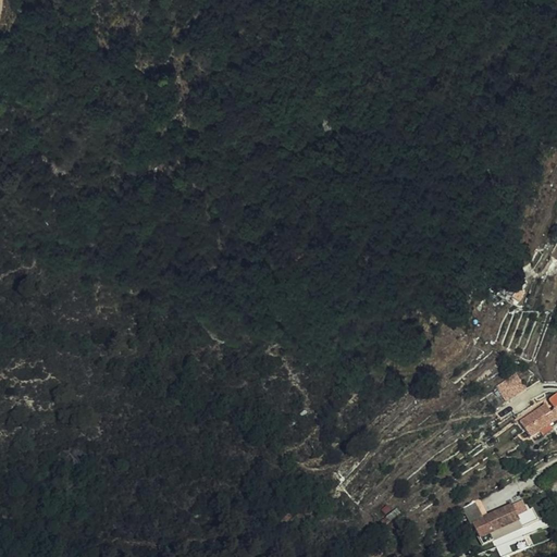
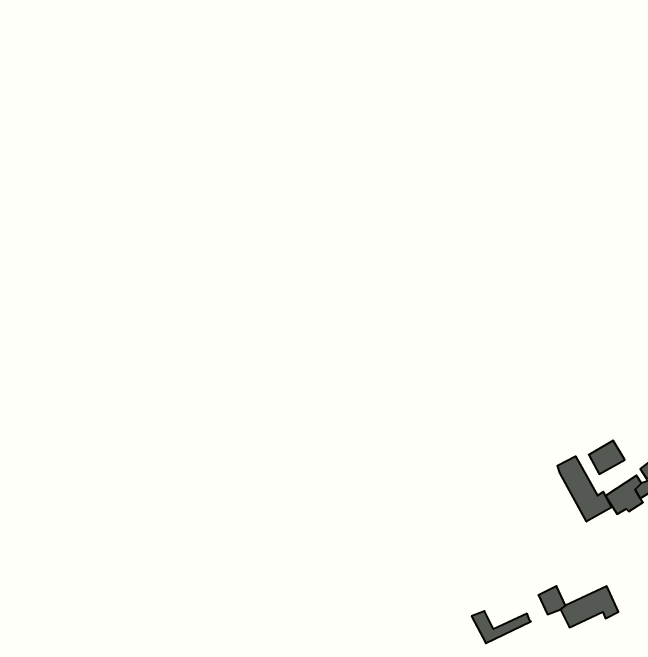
building: none -> [557,456,611,522]
building: [471,516,521,543] -> [472,611,531,643]

